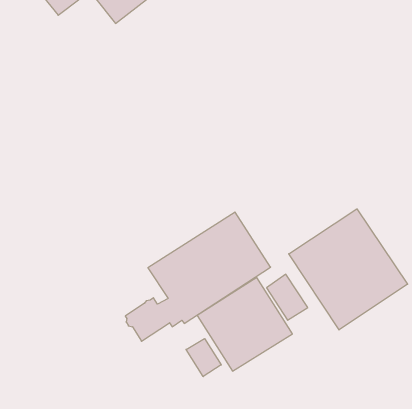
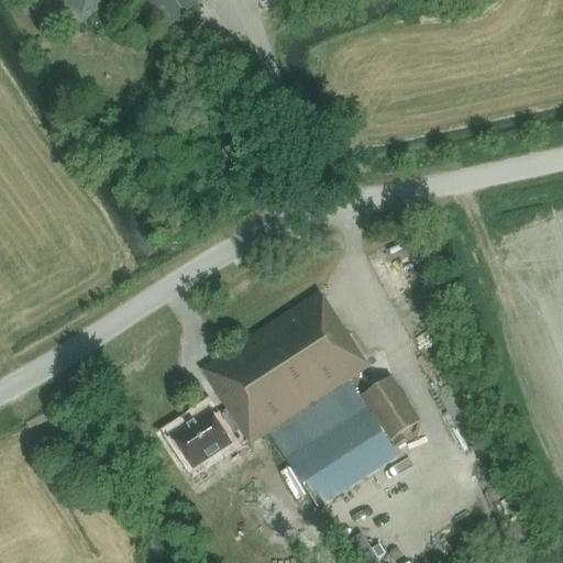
building: [289,209,408,330] -> none
building: [186,339,221,377] -> none

